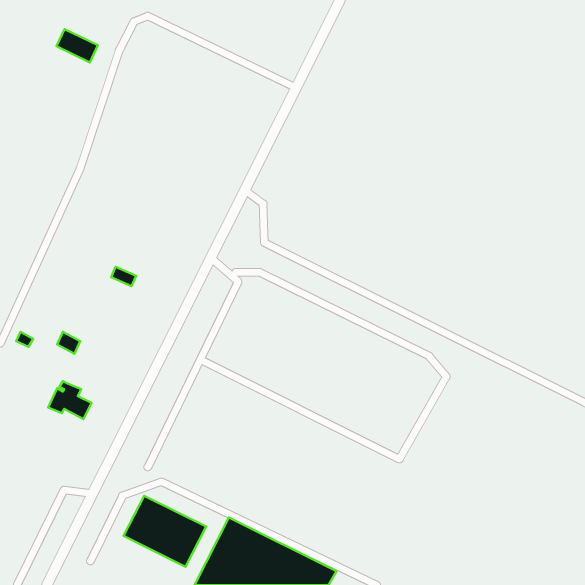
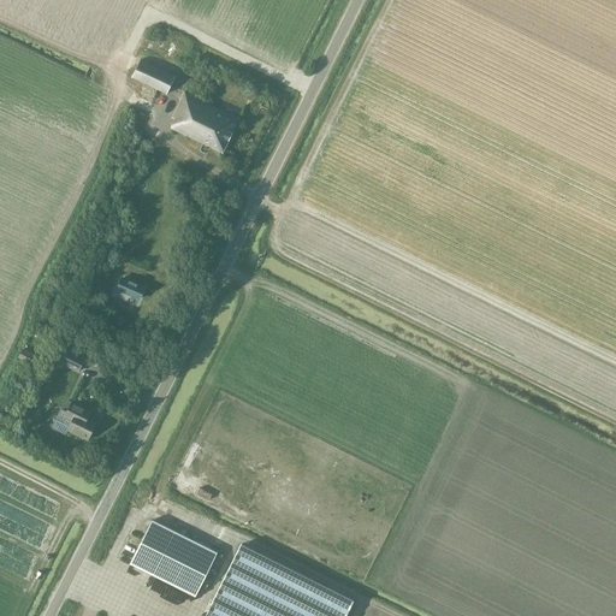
building: [57,29,98,62] -> [131,60,174,95]
building: none -> [170,91,239,154]

